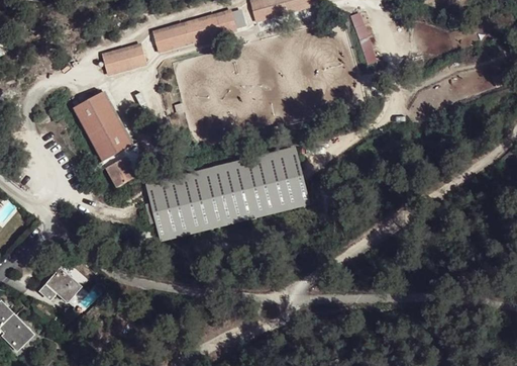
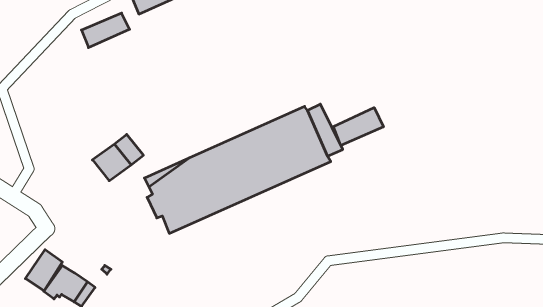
building: [67,93,125,162] -> none
building: none -> [333,108,383,146]
building: none -> [25,250,62,291]

